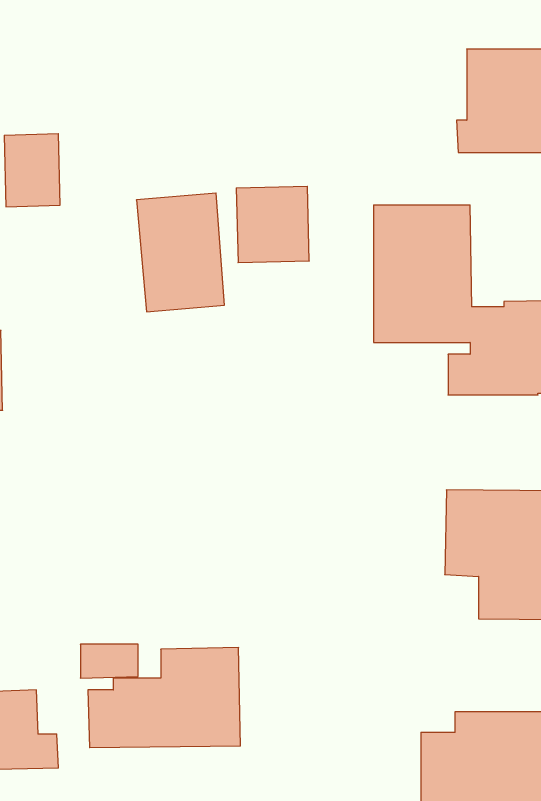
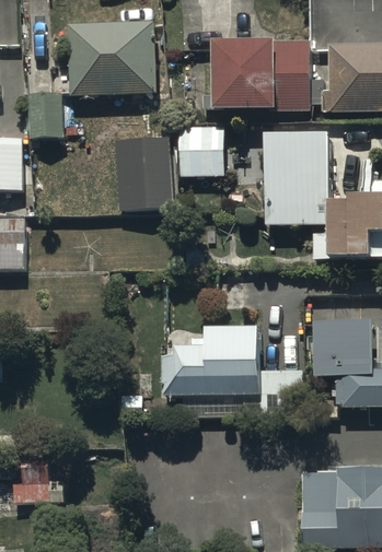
building: none -> [67,21,155,96]
building: none -> [198,33,306,107]
building: [88,648,240,748] -> [162,332,261,397]

